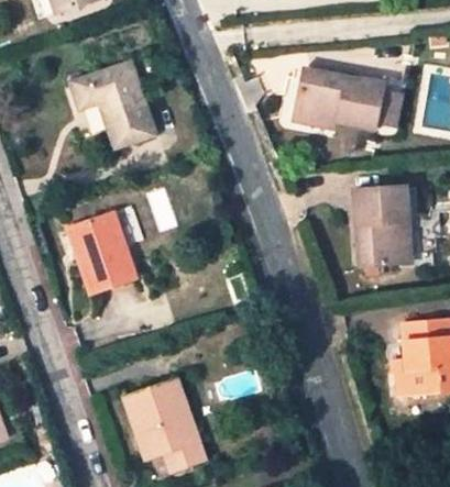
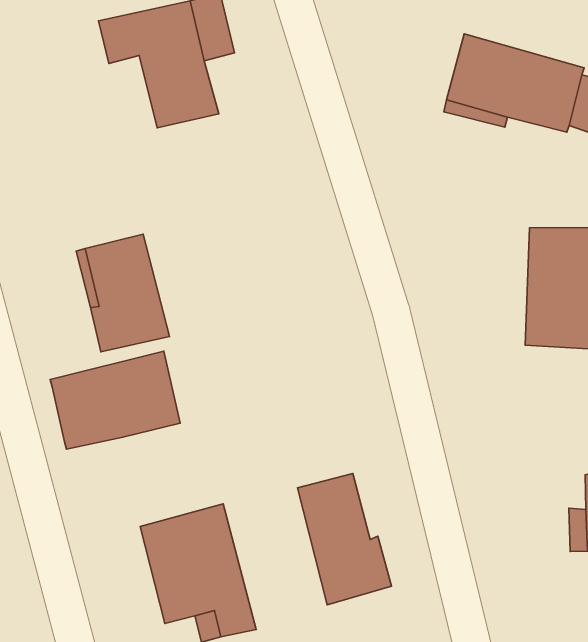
building: none -> [50,351,180,449]
building: none -> [298,473,392,605]

